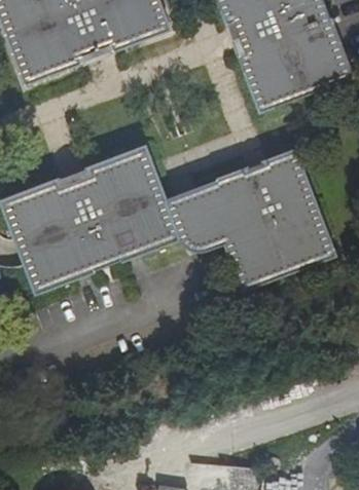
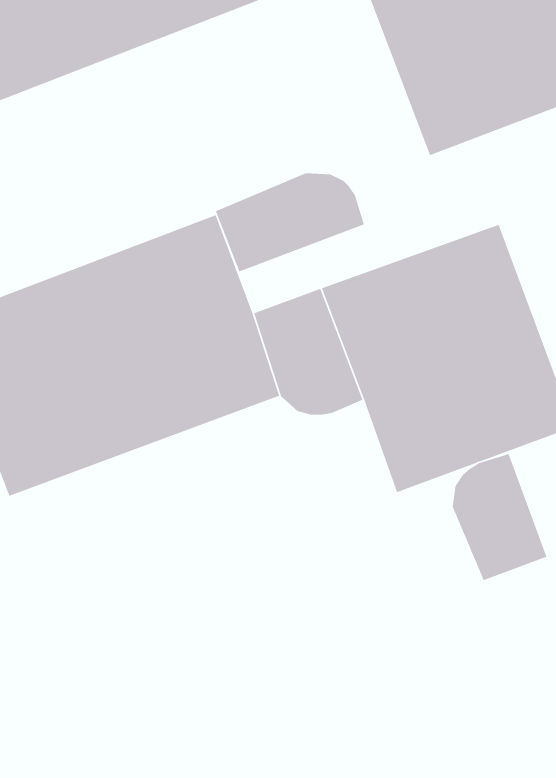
building: none -> [215,173,365,272]
building: none -> [452,453,547,581]

